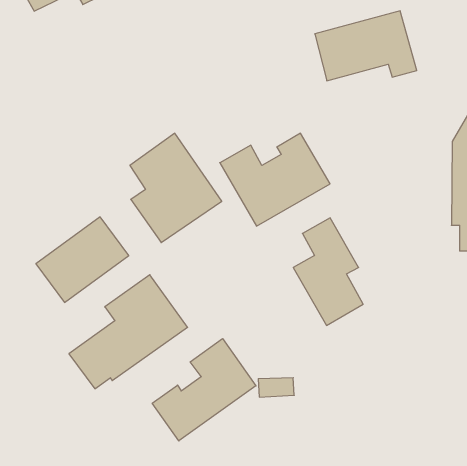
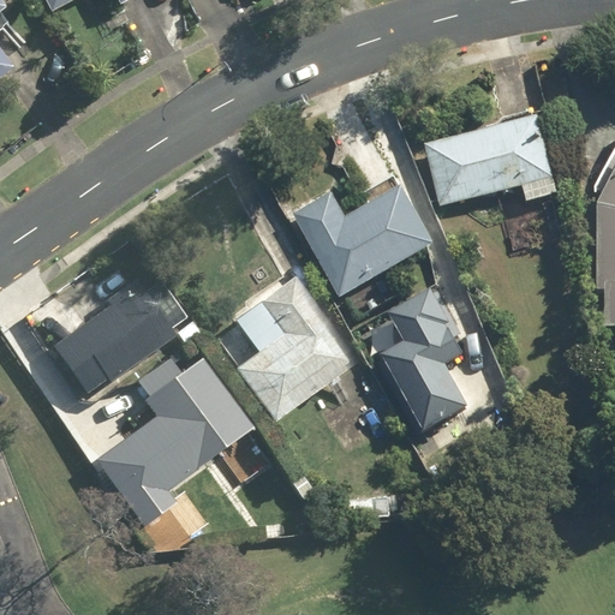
building: [315,11,417,81] -> [425,115,559,207]
building: [130,133,222,243] -> [233,276,353,419]
building: [152,339,256,441] -> none

